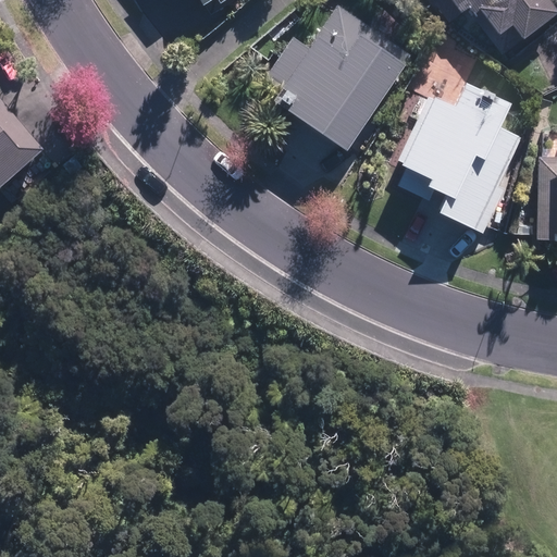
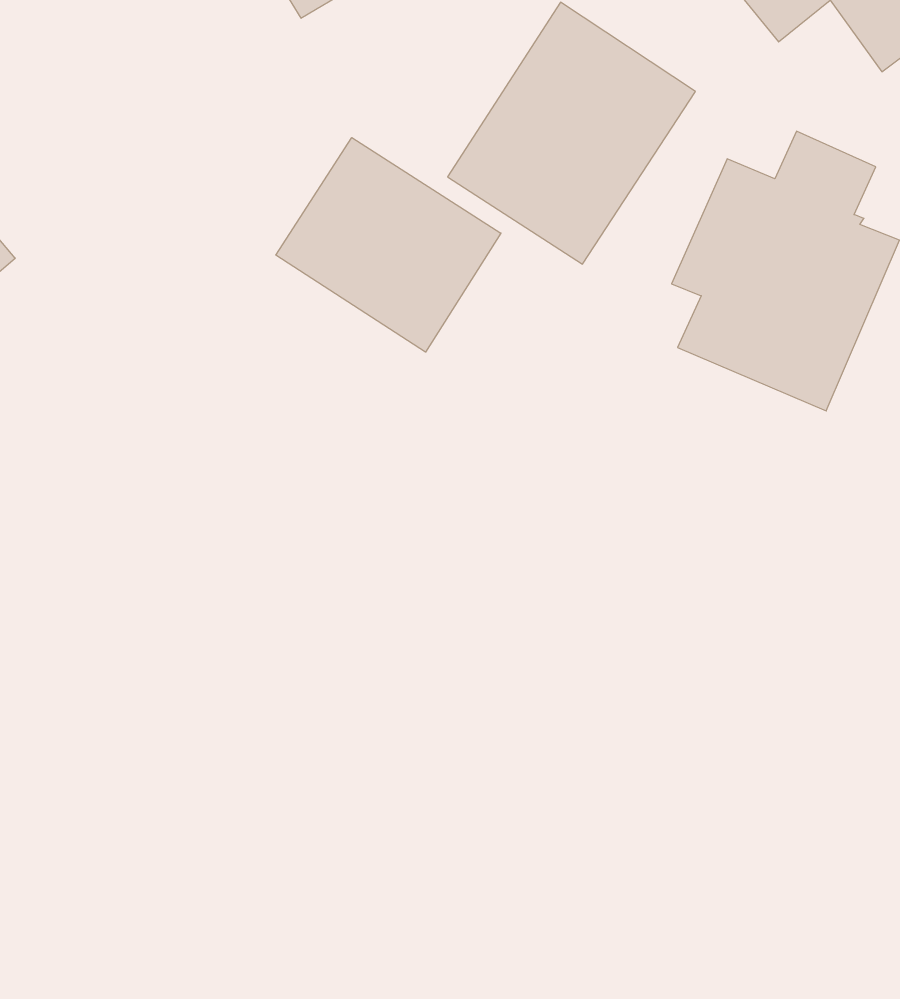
building: none -> [276,138,501,352]

